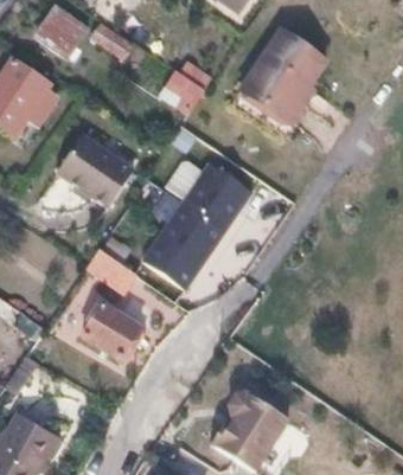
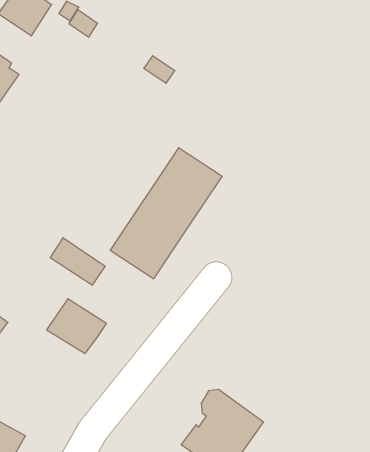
building: [238,30,321,123] -> none
building: [55,134,130,206] -> none

